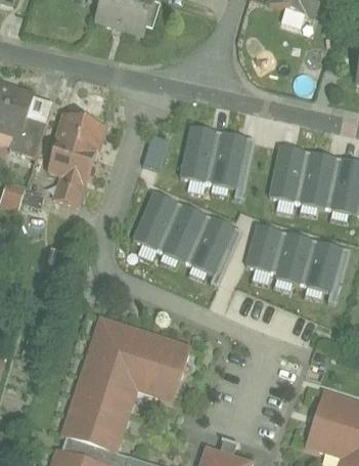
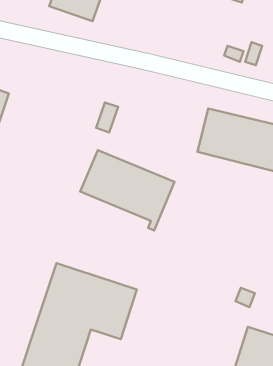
building: [44,114,107,206] -> none
building: [173,122,251,196] -> none
building: [240,221,347,304] -> none

